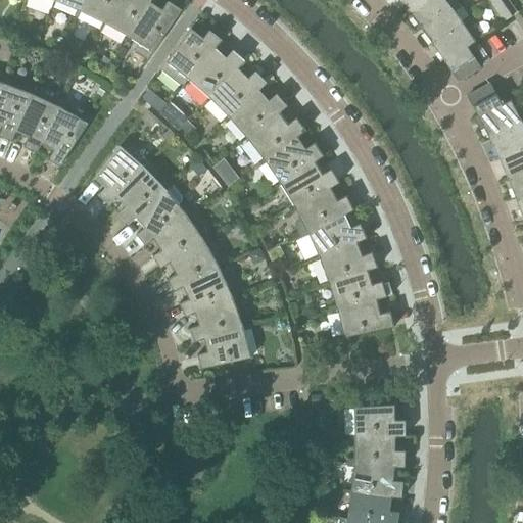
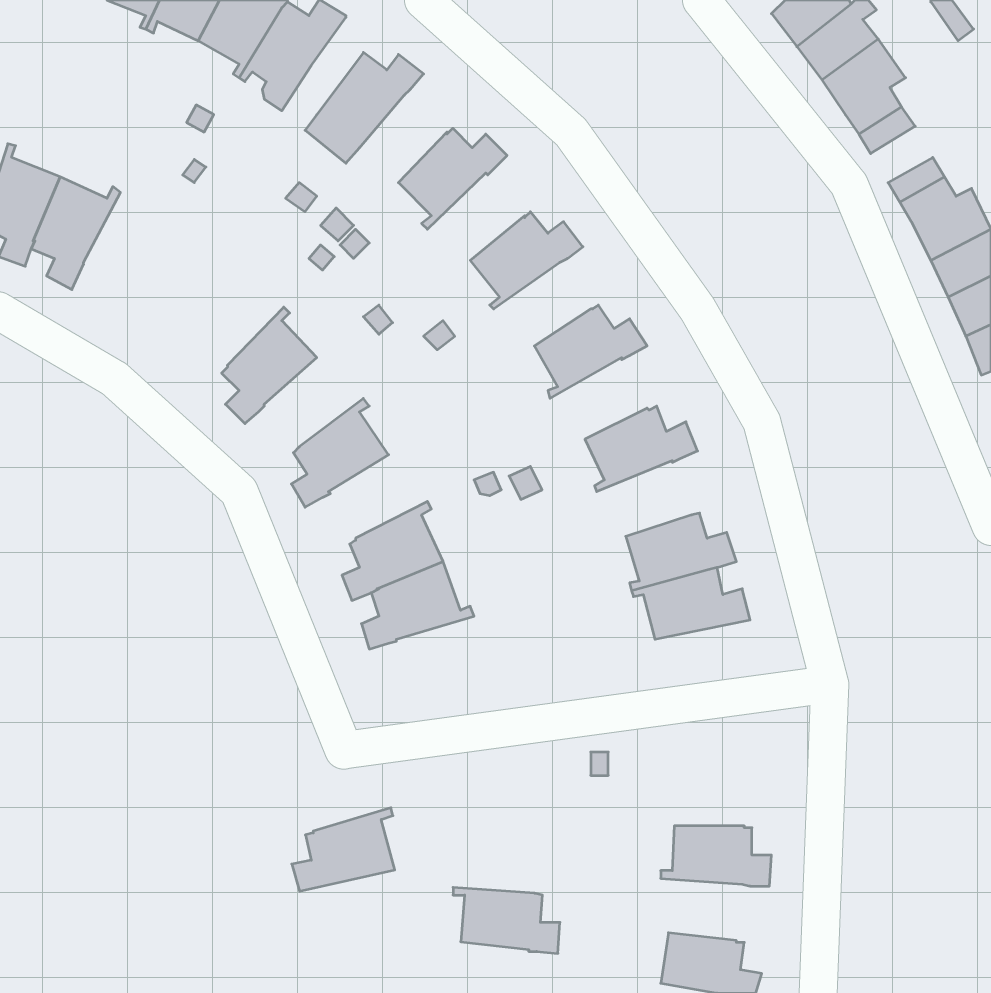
building: [189,47,245,96] -> none
building: [225,89,287,137] -> none
building: [42,101,88,165] -> none
building: [259,136,324,182] -> none
building: [95,145,149,203] -> none
building: [136,183,191,244] -> none
building: [289,187,354,235] -> none
building: [168,239,225,291] -> none
building: [314,241,378,282] -> none
building: [197,324,251,368] -> [292,808,395,891]
building: [347,403,406,435] -> none
building: [347,462,403,496] -> [453,887,560,953]

